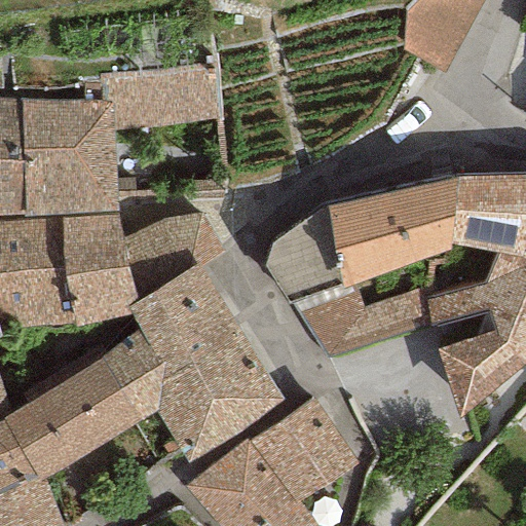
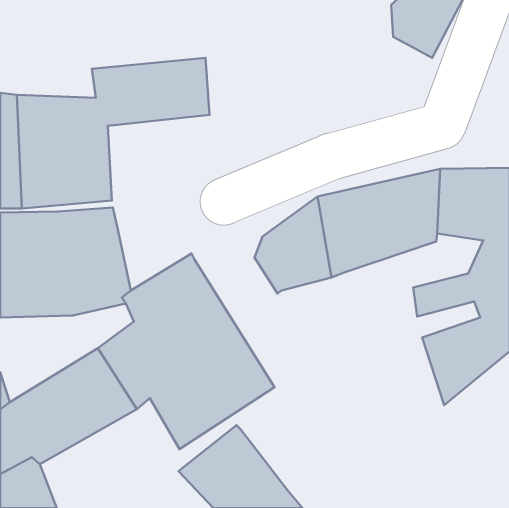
building: [122,210,223,299] -> none
building: [291,280,430,353] -> none
building: [249,396,355,504] -> none

